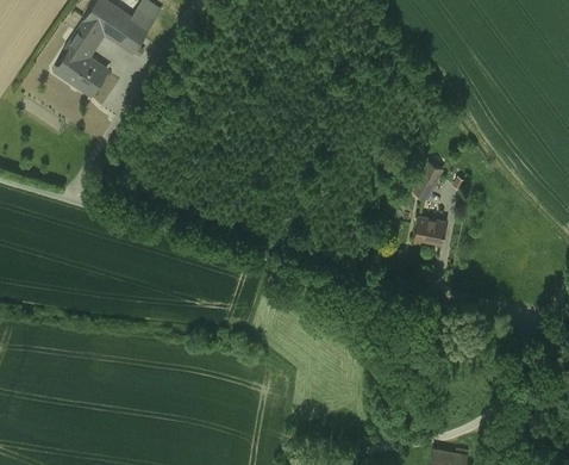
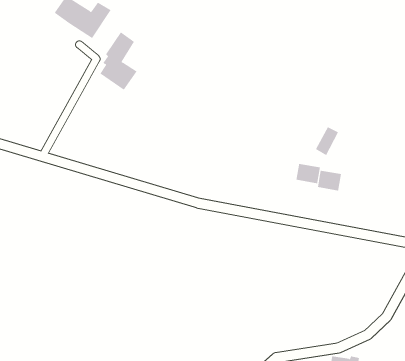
building: [60,20,107,94] -> [100,31,138,90]
building: none -> [296,163,321,184]

